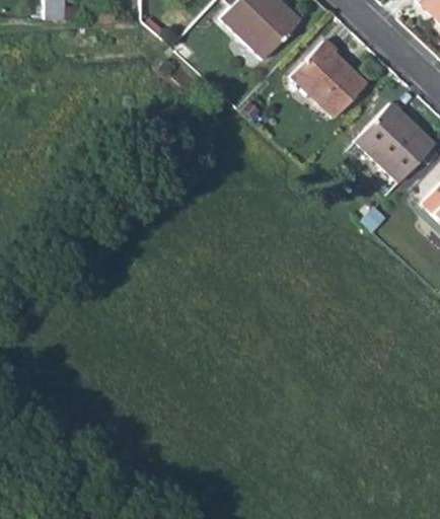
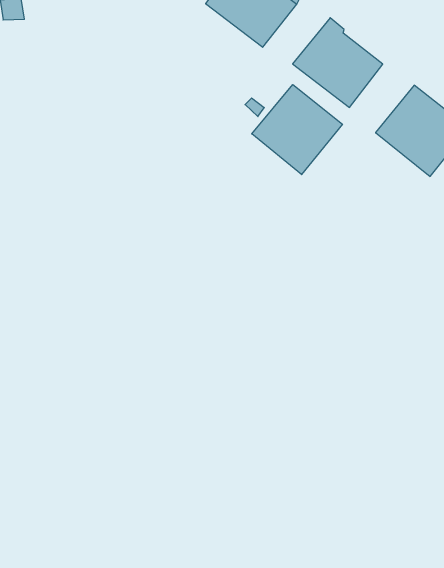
building: none -> [252,85,342,175]

